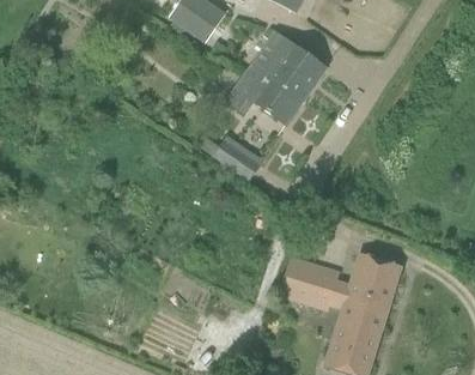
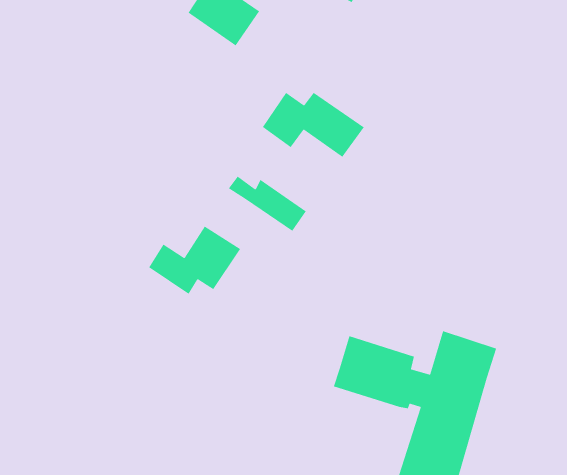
building: [244,30,327,101] -> none
building: none -> [148,225,241,295]

